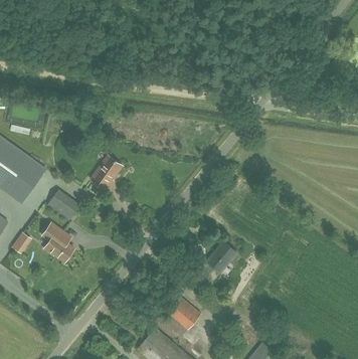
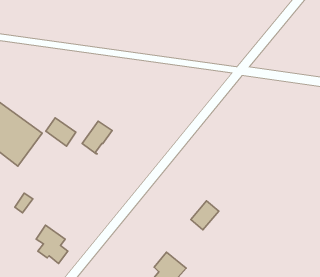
building: [48,191,80,221] -> [46,118,76,146]
building: [41,221,75,262] -> [36,225,68,263]

